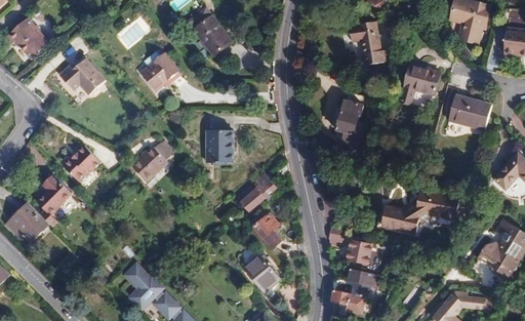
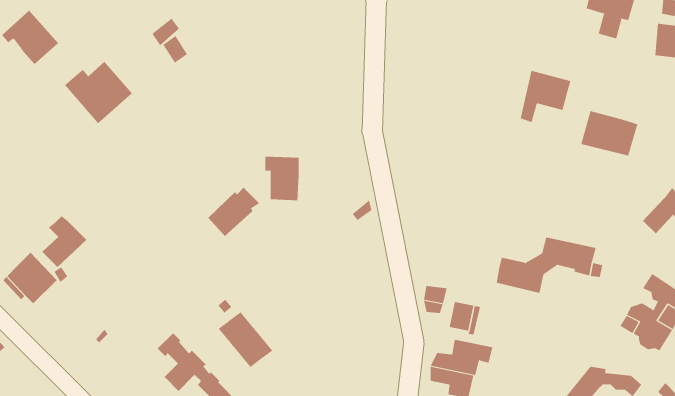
building: [193,15,232,55] -> none
building: [349,22,387,65] -> none
building: [140,53,178,89] -> none
building: [331,99,362,145] -> none
building: [131,143,171,180] -> [207,187,260,237]
building: [62,146,100,182] -> none
building: [235,172,276,211] -> none
building: [254,213,280,248] -> none
building: [238,248,280,291] -> [218,311,273,368]

